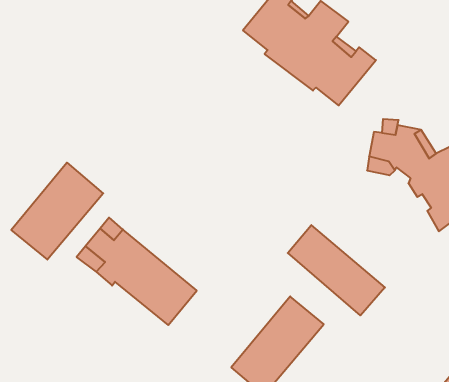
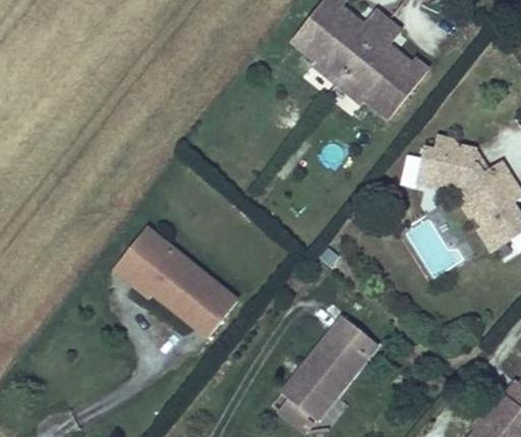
building: [11,163,103,260] -> none
building: [288,225,385,315] -> none

